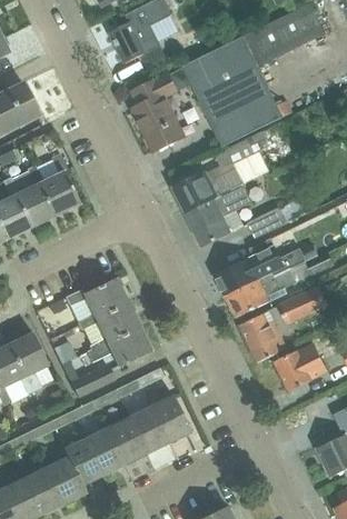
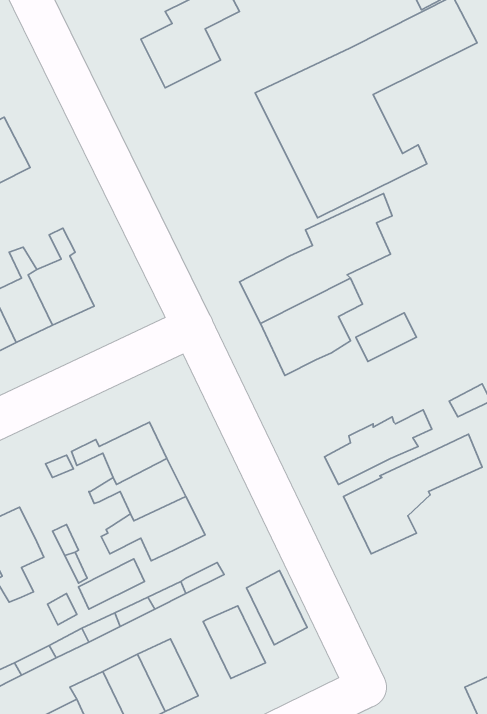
building: [132,76,182,150] -> none
building: [214,238,305,300] -> none
building: [274,346,326,391] -> none
building: [128,406,167,453] -> [246,570,307,645]

